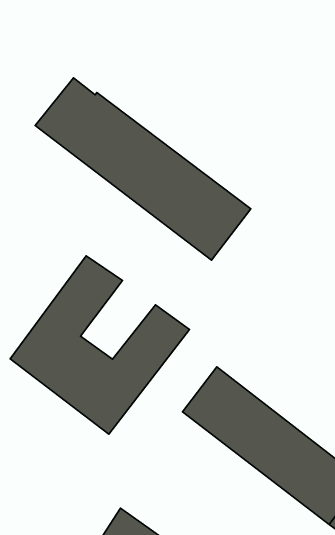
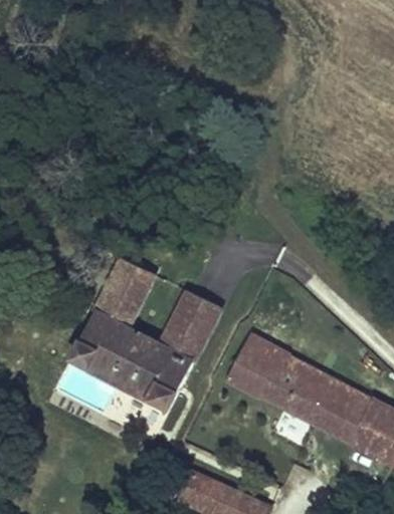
building: [35,78,251,260] -> none

